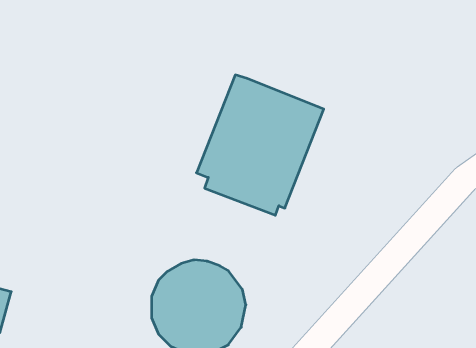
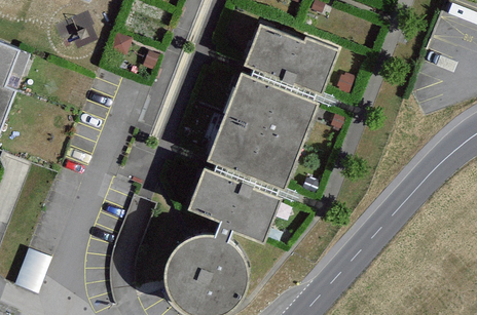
building: none -> [245,22,339,99]
building: none -> [189,166,282,239]

